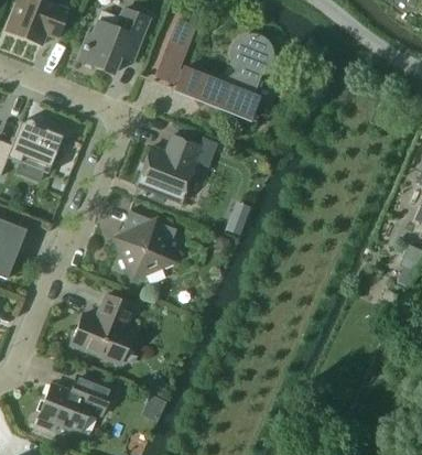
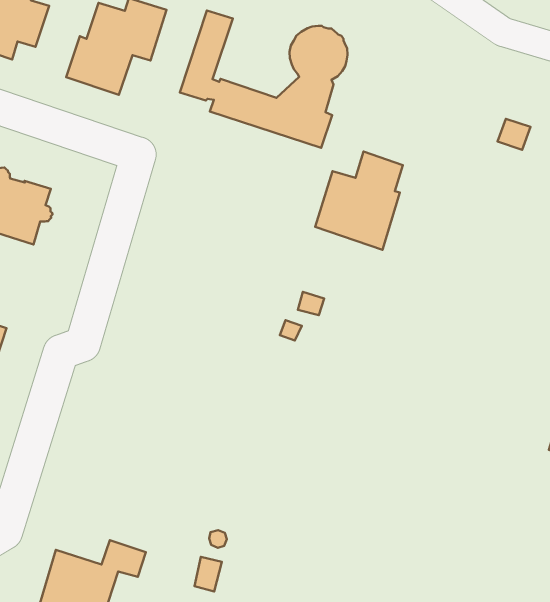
building: [136,134,198,203] -> [315,152,403,250]
building: [113,209,176,278] -> none
building: [71,294,133,364] -> none

